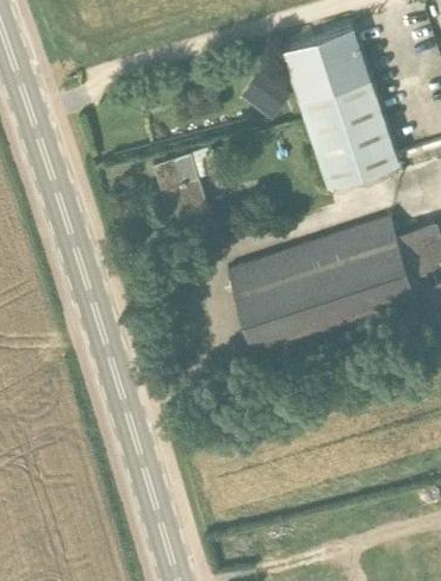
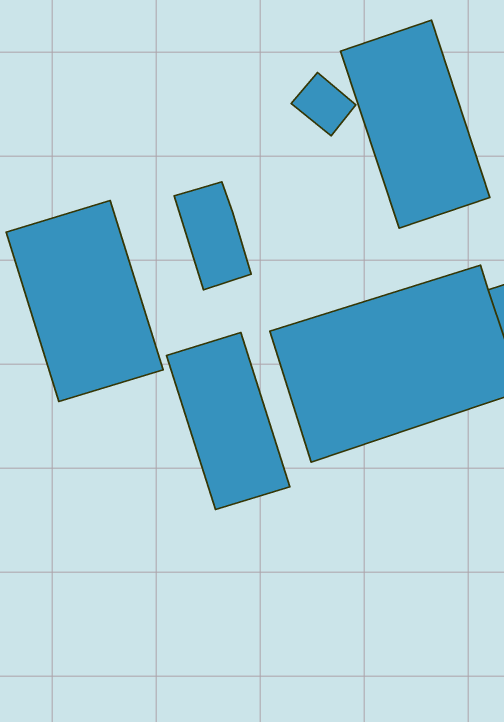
building: none -> [6,200,163,402]
building: none -> [167,332,290,510]

